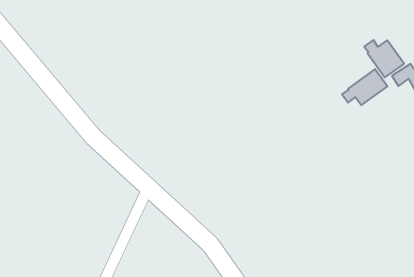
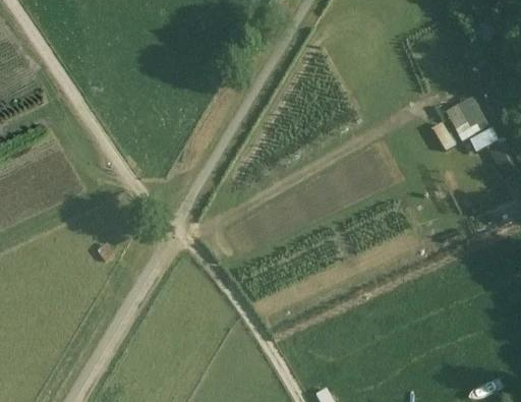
building: [342,69,387,105] -> none

